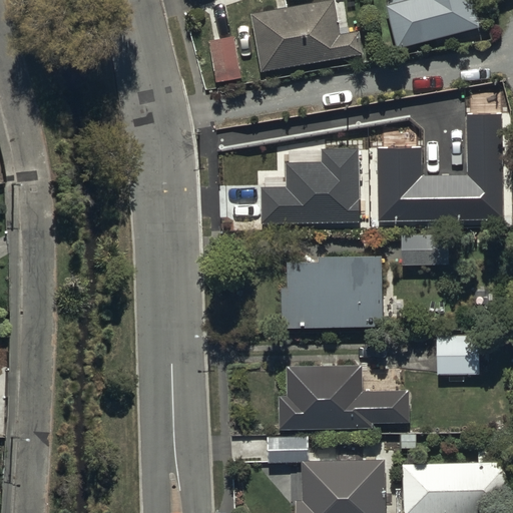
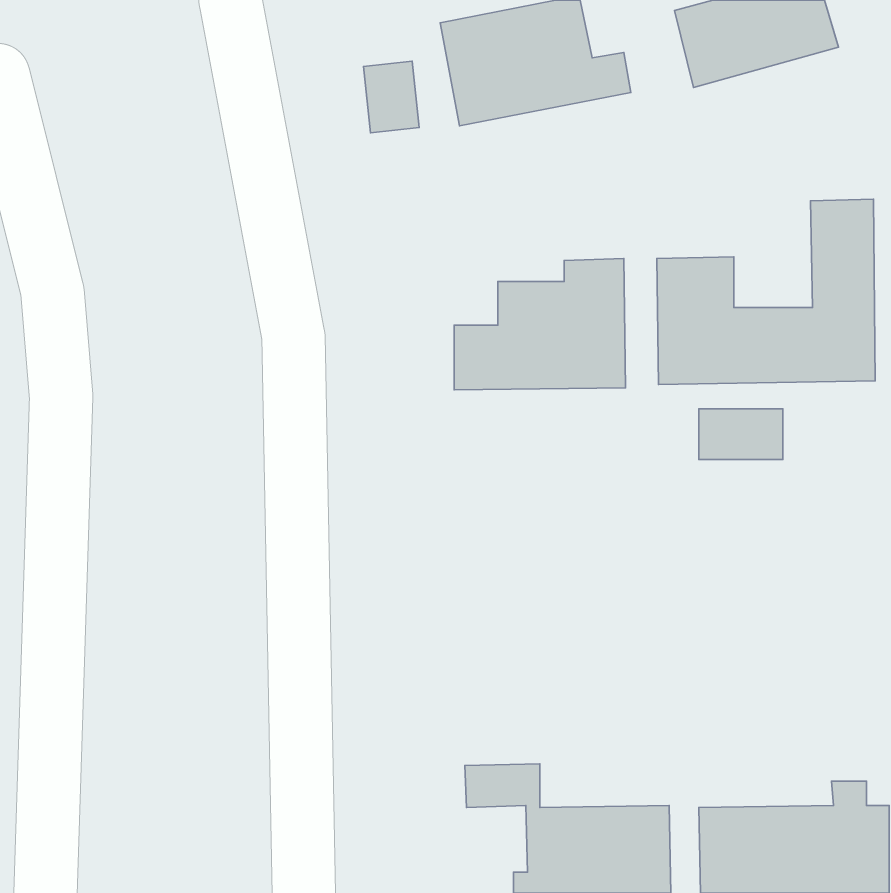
building: [282,255,382,327] -> none
building: [436,334,478,375] -> none
building: [279,364,410,429] -> none

